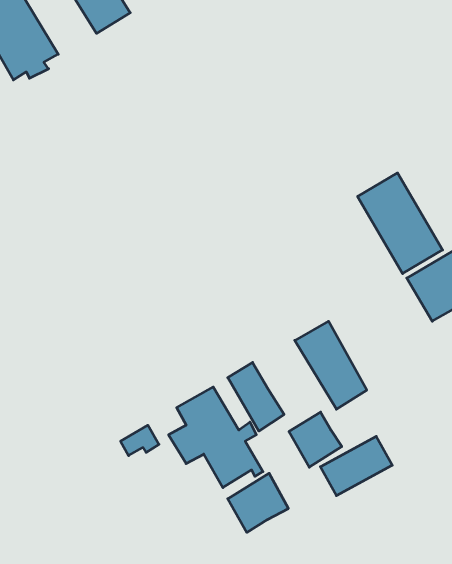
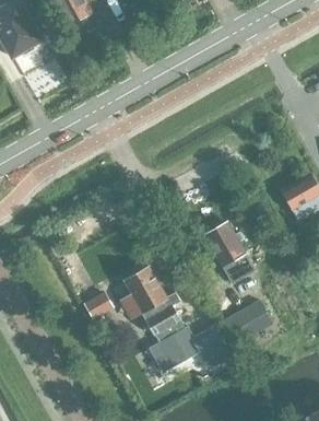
building: [358,173,443,274] -> none
building: [228,362,284,431] -> none
building: [289,412,342,467] -> none

